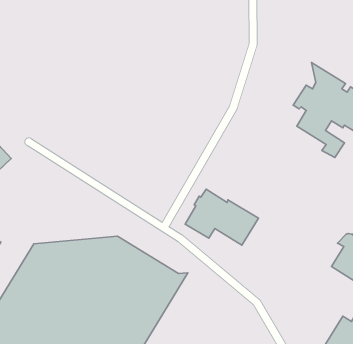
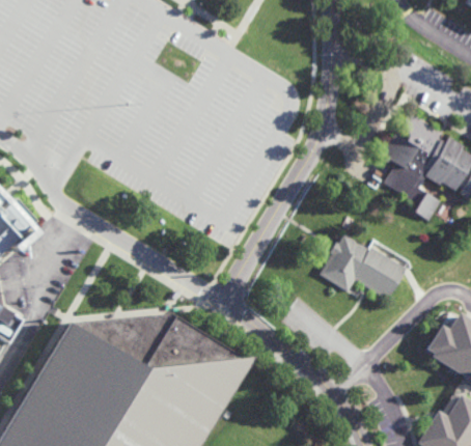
building: [185,189,258,245] -> [320,231,407,298]

